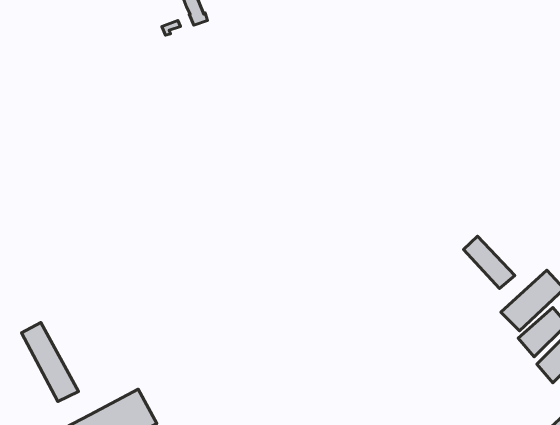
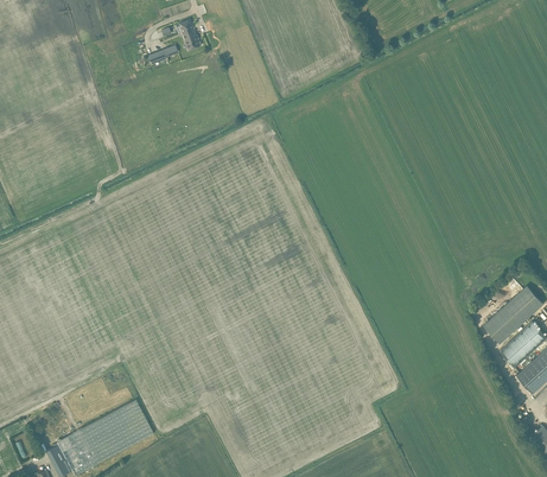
building: [463,236,515,289] -> none
building: [22,322,78,401] -> none

